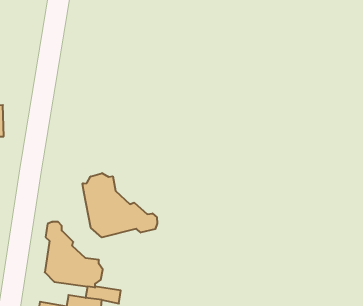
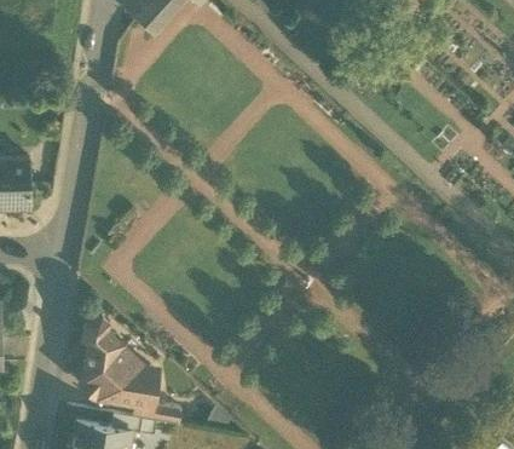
building: [83,173,157,237] -> none

